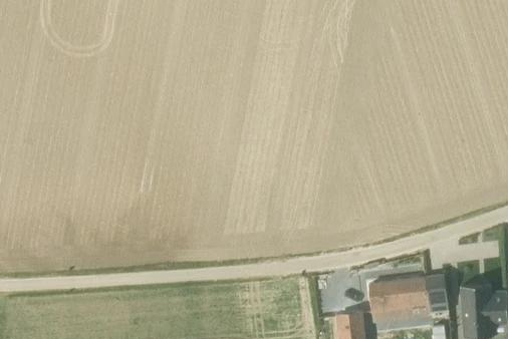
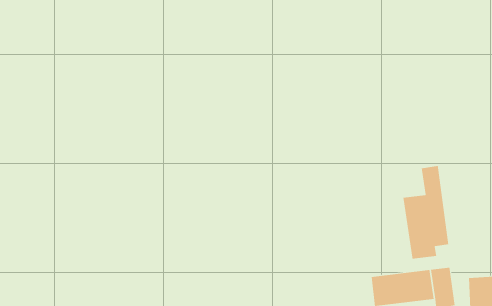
building: none -> [403,165,449,259]

